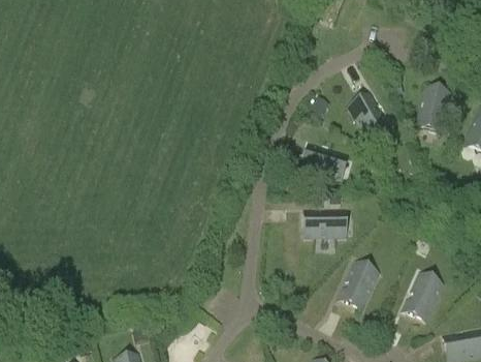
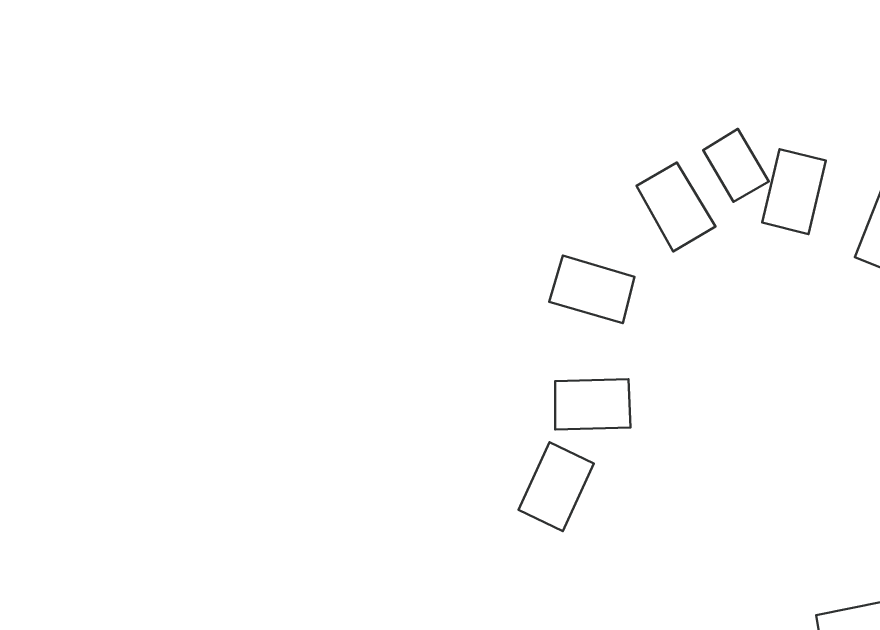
building: none -> [703,129,769,202]
building: [339,262,379,309] -> [519,442,594,531]
building: [403,273,443,321] -> none

